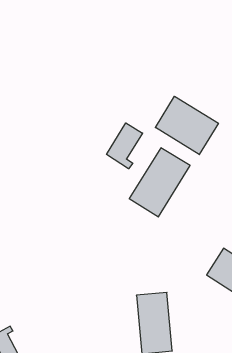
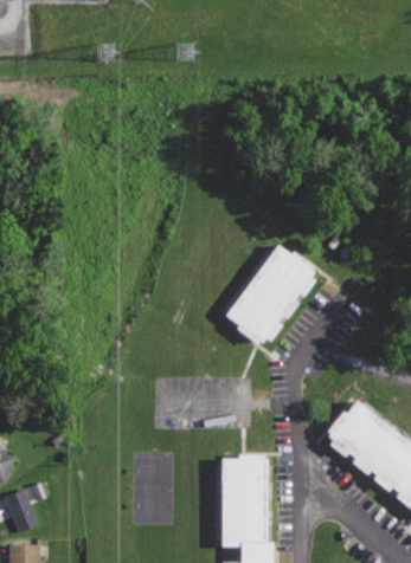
building: [155,96,218,155] -> none
building: [107,123,143,169] -> none

